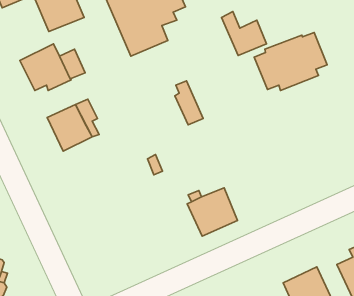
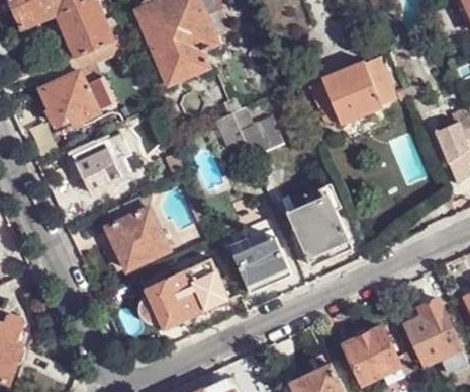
building: [221,11,266,55] -> [231,105,283,156]
building: none -> [106,189,169,268]
building: none -> [281,195,352,264]
building: none -> [138,257,228,329]

